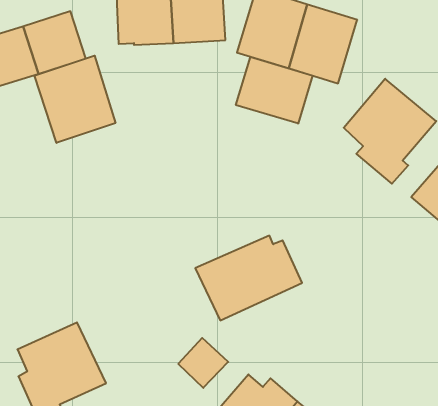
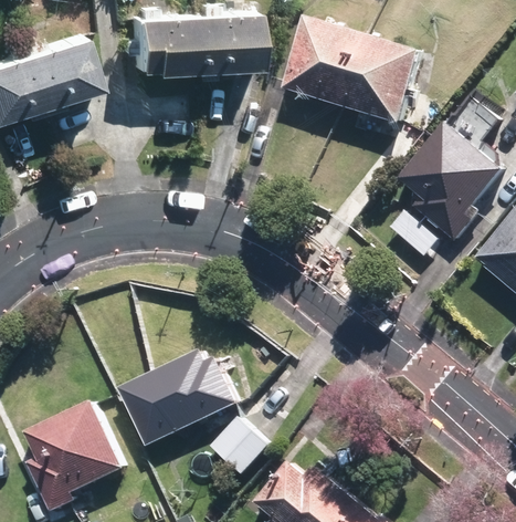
building: [35,56,115,143] -> none
building: [236,57,313,124] -> none
building: [195,236,302,320] -> [117,347,240,445]

